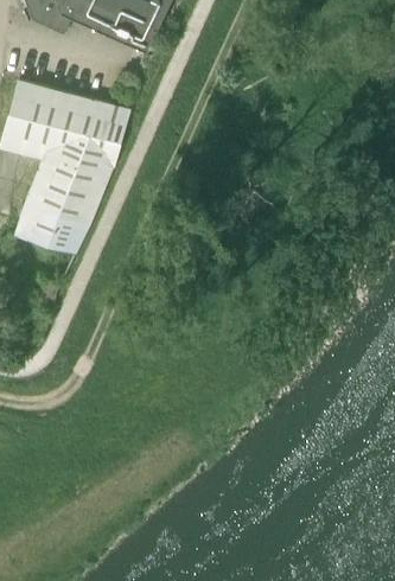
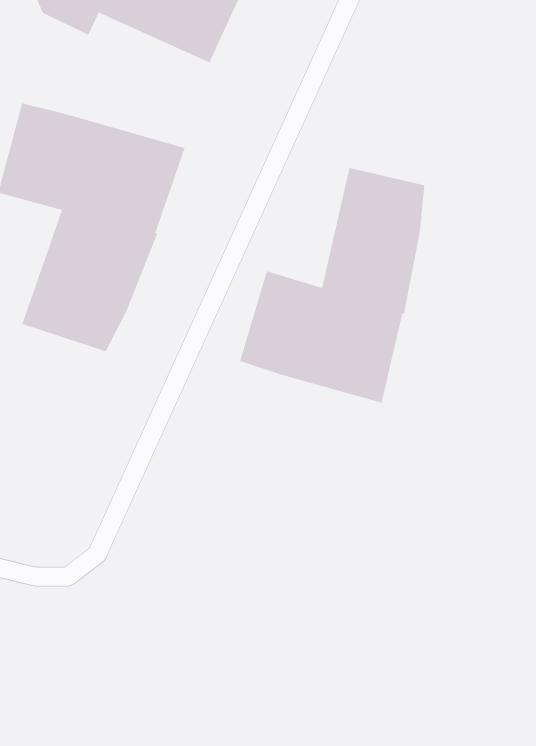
building: none -> [240,167,425,404]

